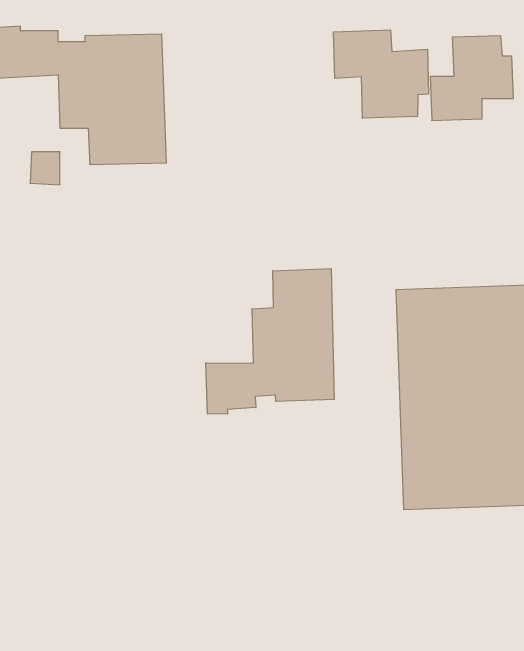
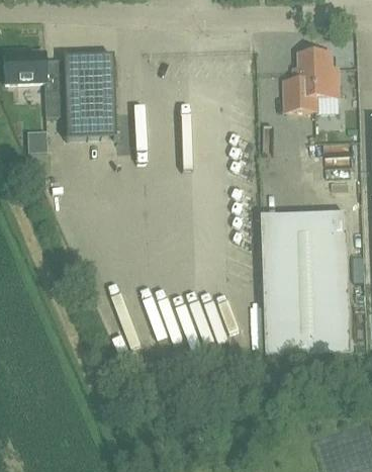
building: [333,30,429,118] -> none
building: [206,269,334,414] -> none

